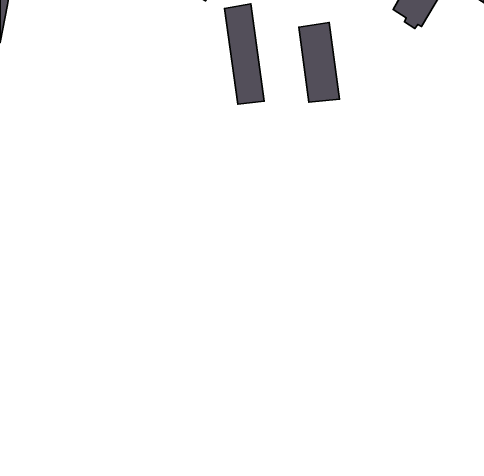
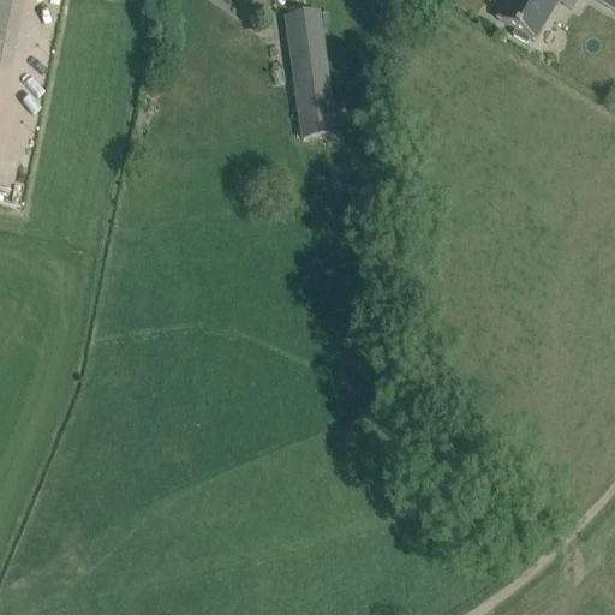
building: [299,22,340,102] -> none

